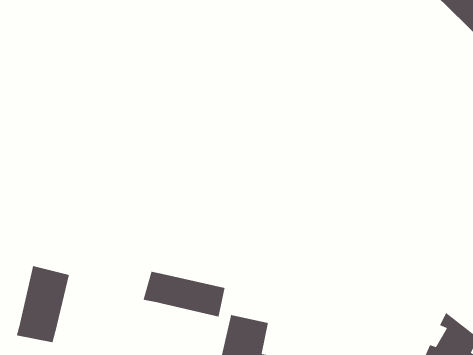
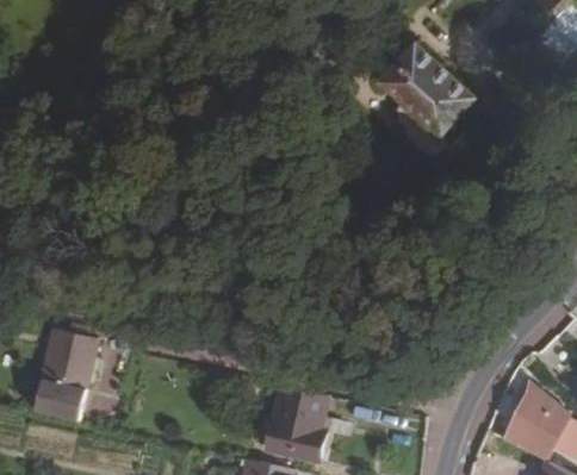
building: none -> [379,43,473,135]
building: [143,271,226,317] -> none

